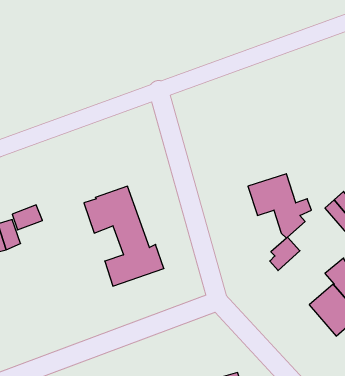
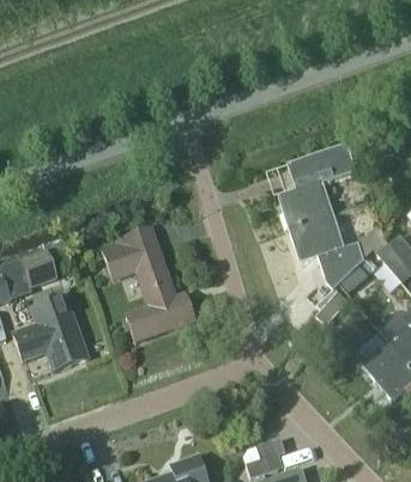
building: none -> [278,141,357,226]
building: none -> [12,295,85,371]

